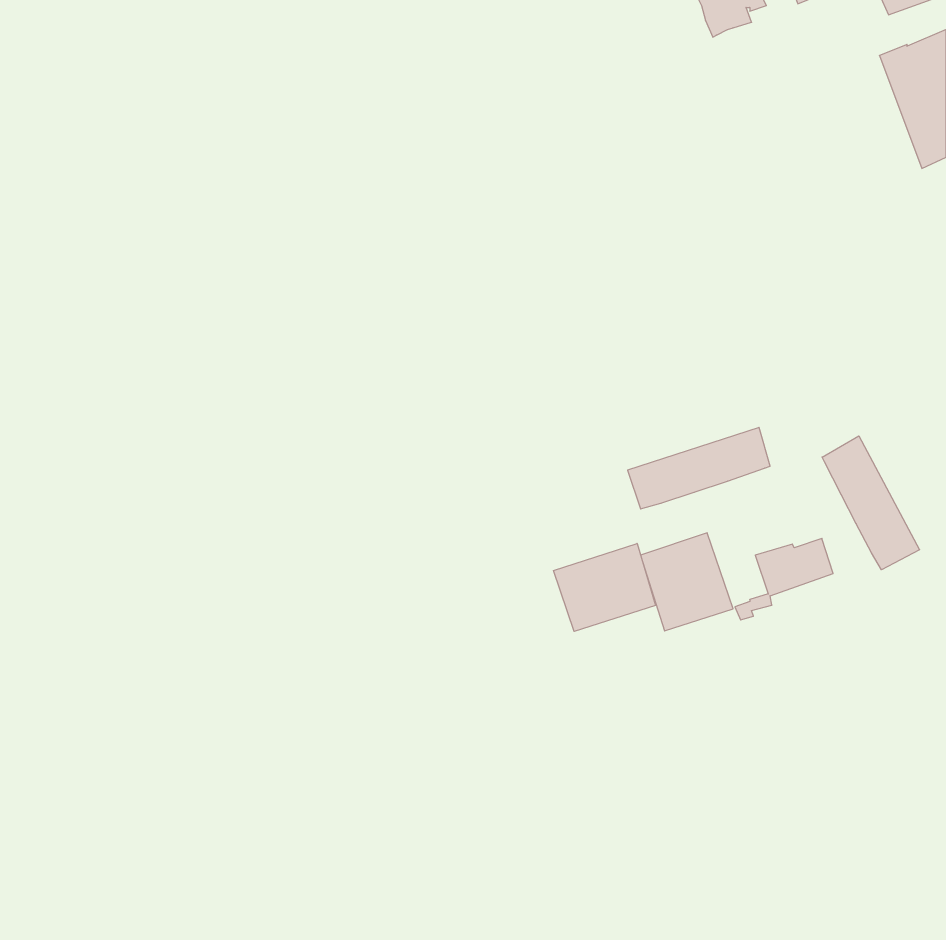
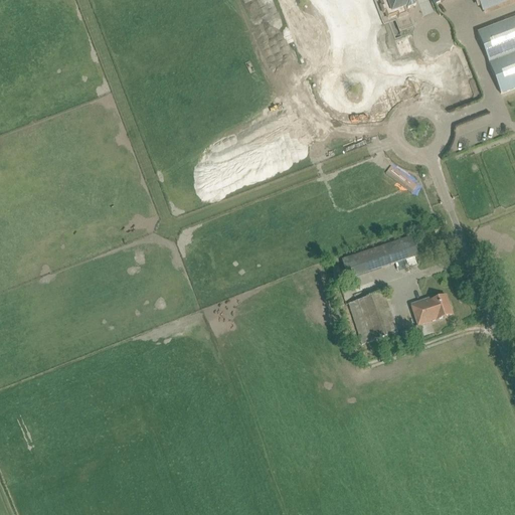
building: [822,436,920,570] -> none
building: [554,543,656,631] -> none

